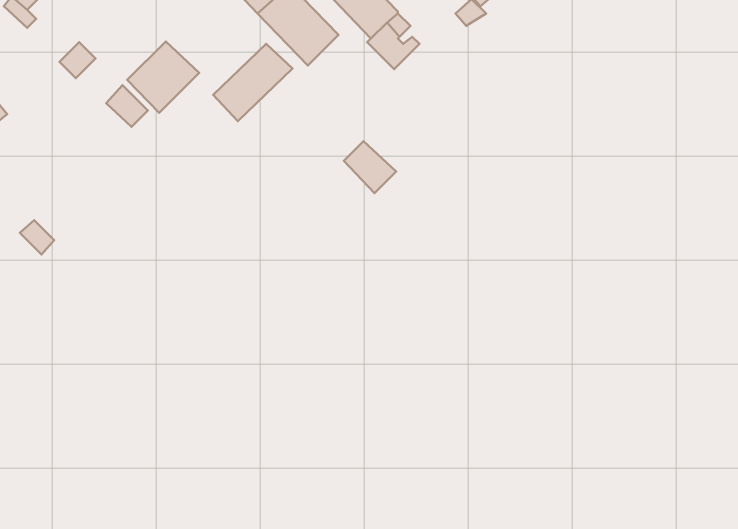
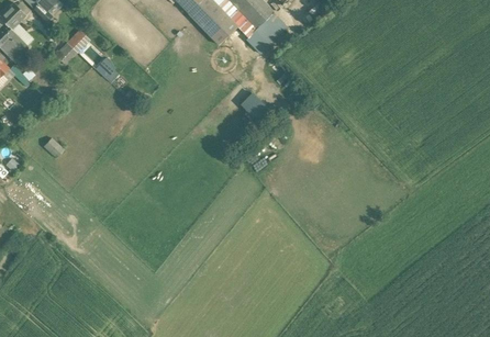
building: [127,41,199,113] -> none
building: [213,44,293,121] -> none

